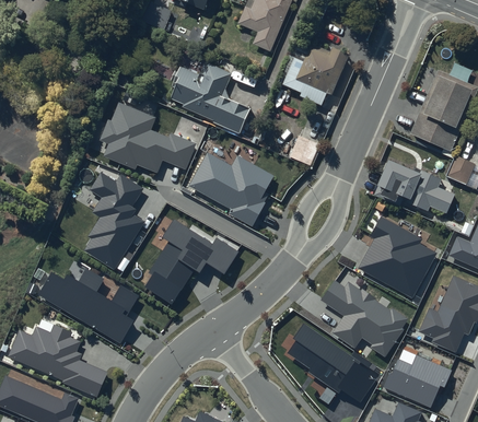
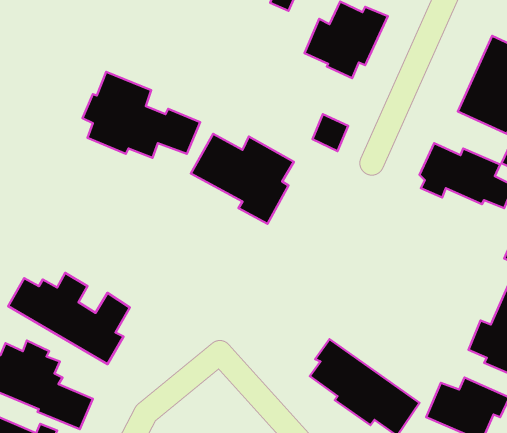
building: [171,65,250,134] -> none
building: [84,171,144,268] -> none
building: [358,215,438,297] -> none
building: [144,219,240,304] -> none
building: [319,278,409,356] -> none

